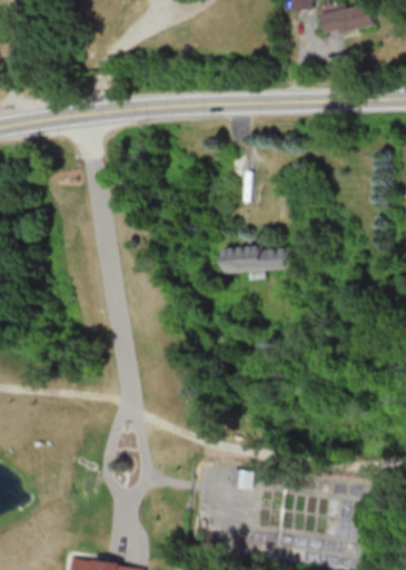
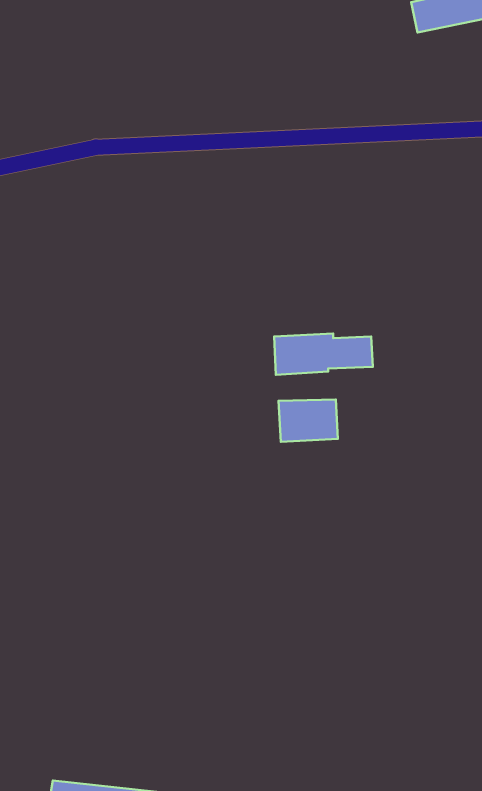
building: none -> [278,400,338,442]

